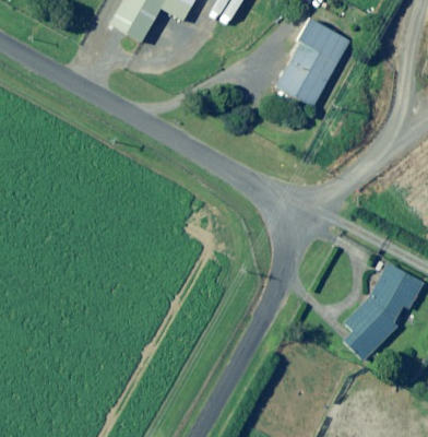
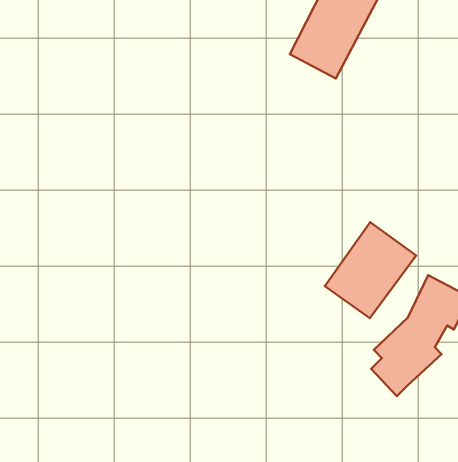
building: none -> [325,222,416,318]

